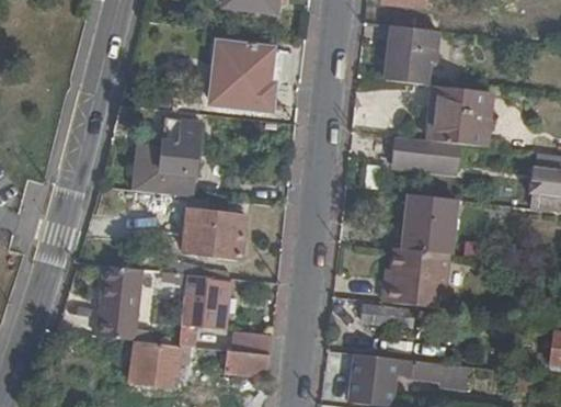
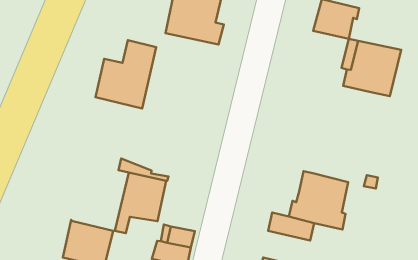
building: [391,138,457,172] -> none
building: [402,194,457,255] -> none
building: [185,212,249,258] -> none
building: [92,263,138,339] -> none

